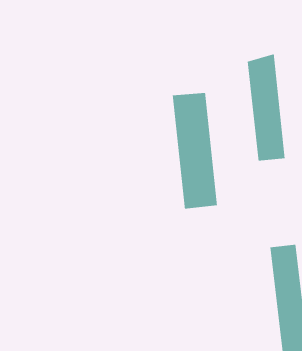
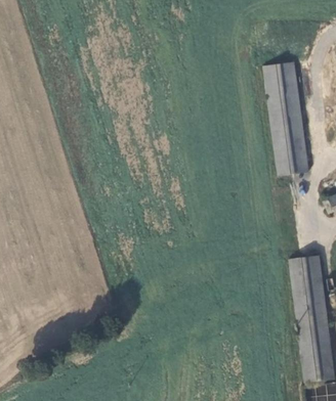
building: [172,92,218,210] -> none

